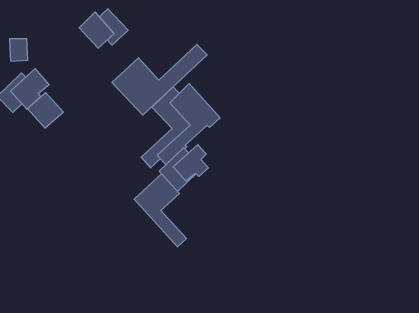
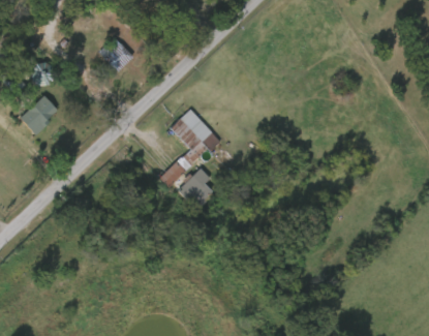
building: [112,44,207,115] -> none
building: [27,92,63,128] -> none
building: [134,174,187,247] -> none

